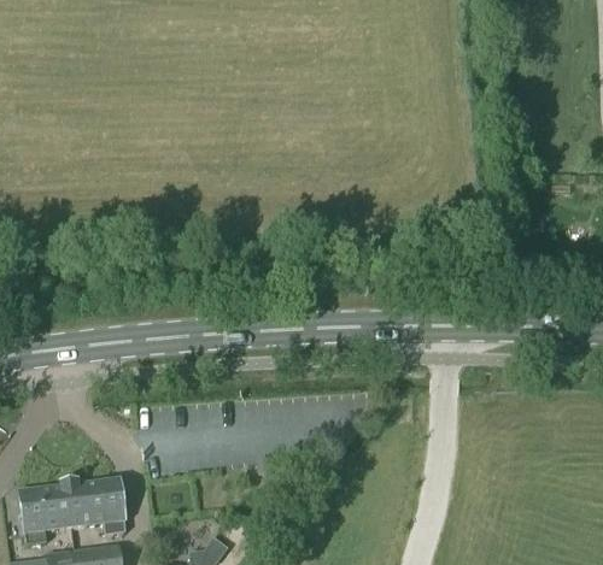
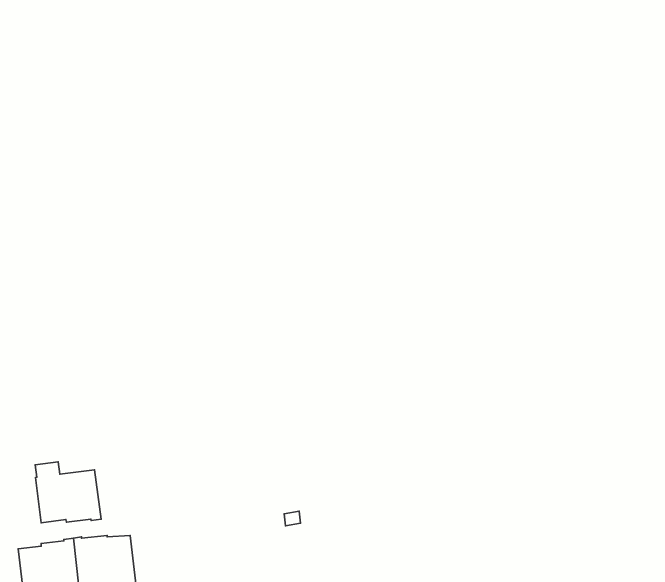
building: none -> [35,462,101,523]

